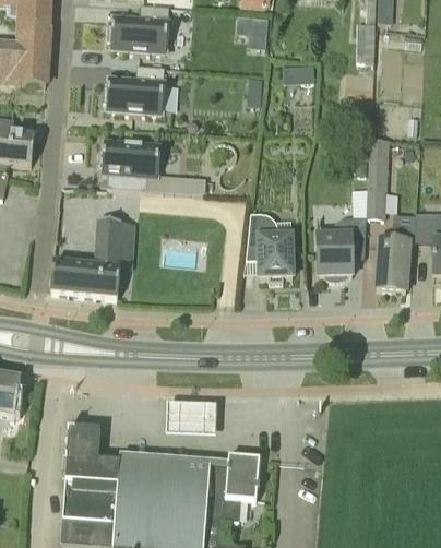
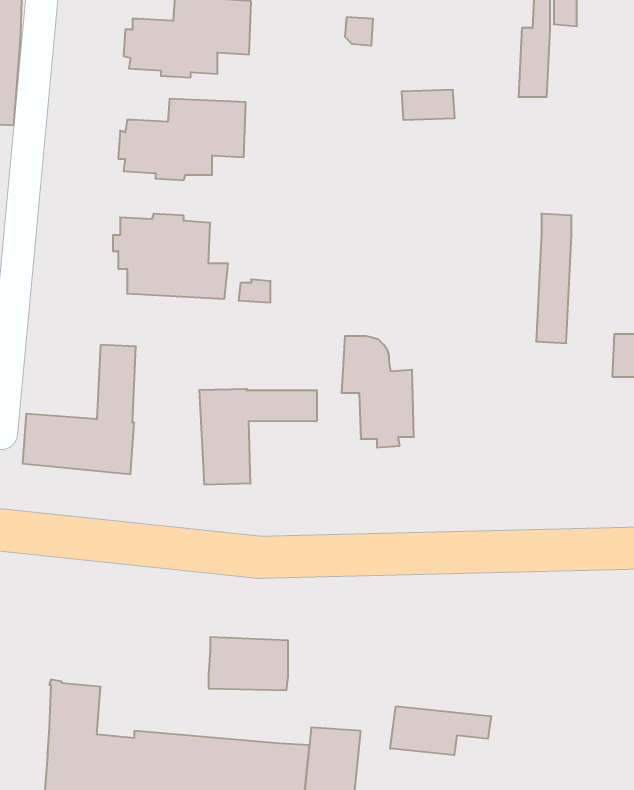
building: [317,216,366,278] -> none
building: [376,237,408,290] -> none
building: none -> [199,389,317,485]
building: none -> [390,706,491,755]

